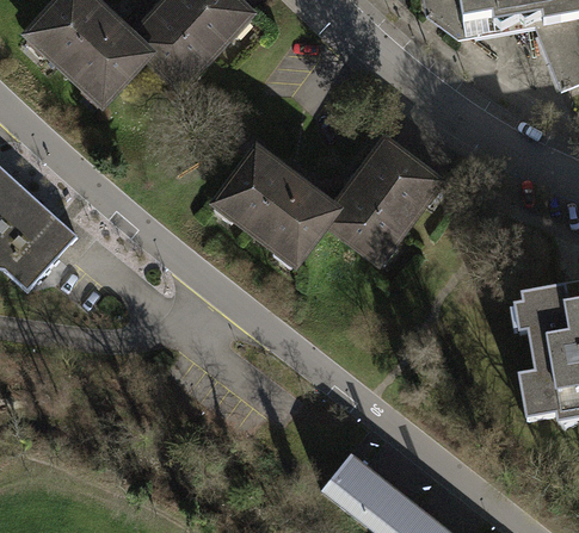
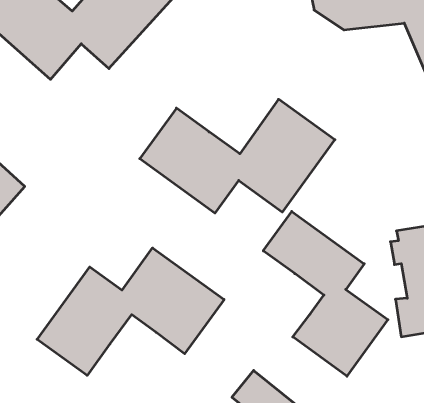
building: none -> [263,211,388,376]
building: none -> [37,248,224,375]

